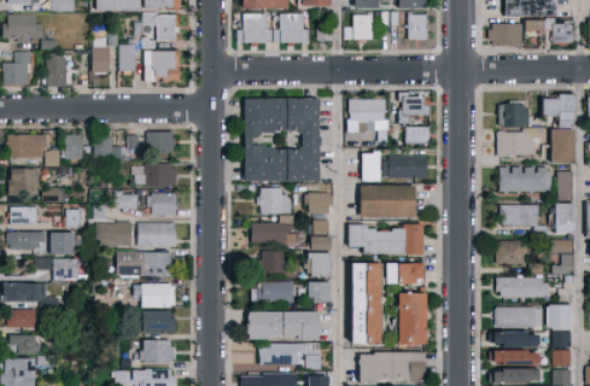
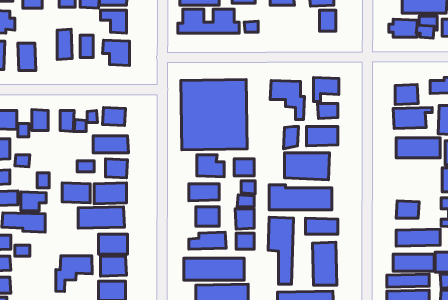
building: [346,14,373,39] -> none
building: [502,204,541,226] -> none
building: none -> [56,256,92,291]

